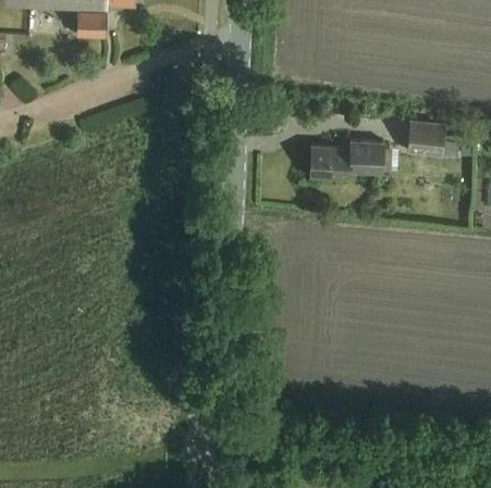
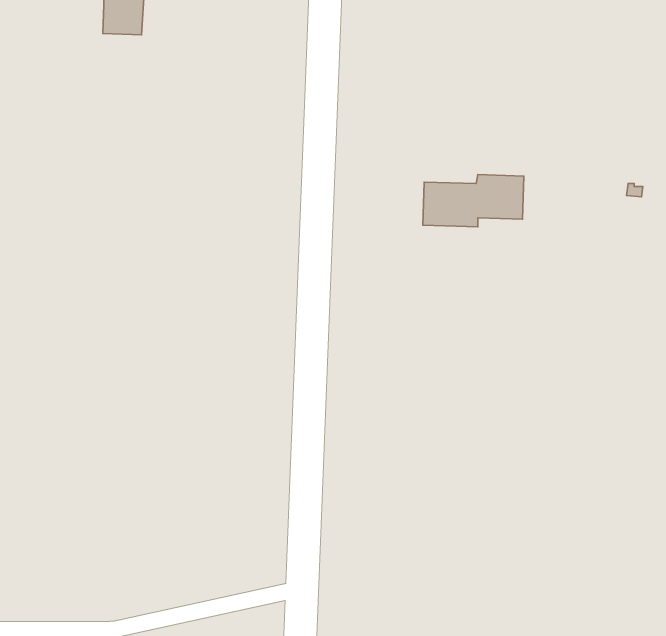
building: [407,120,458,157] -> none

